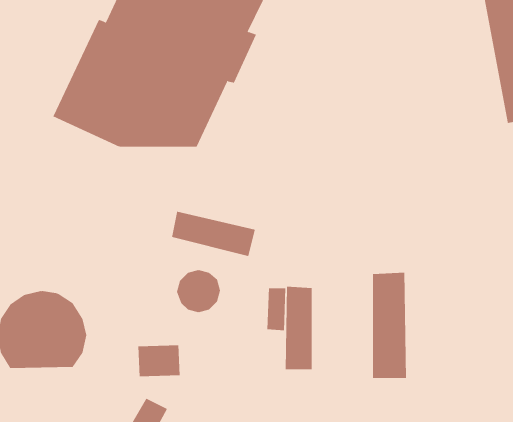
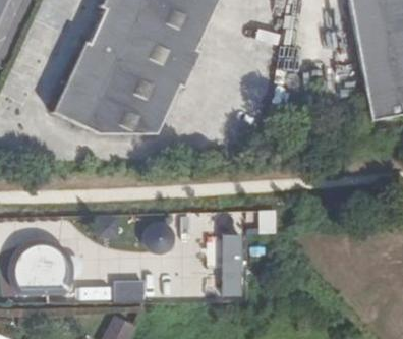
building: [172,211,255,257] -> none
building: [373,272,407,379] -> none

